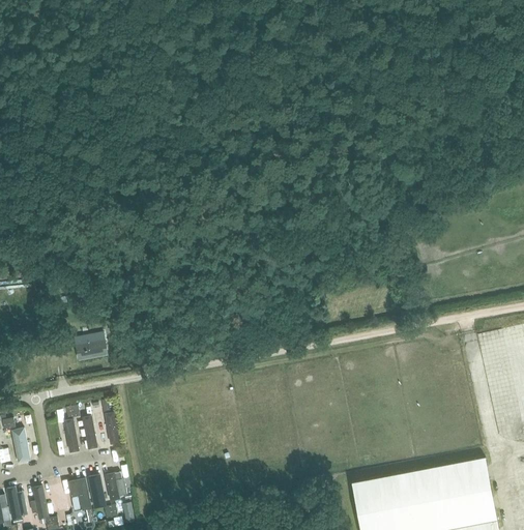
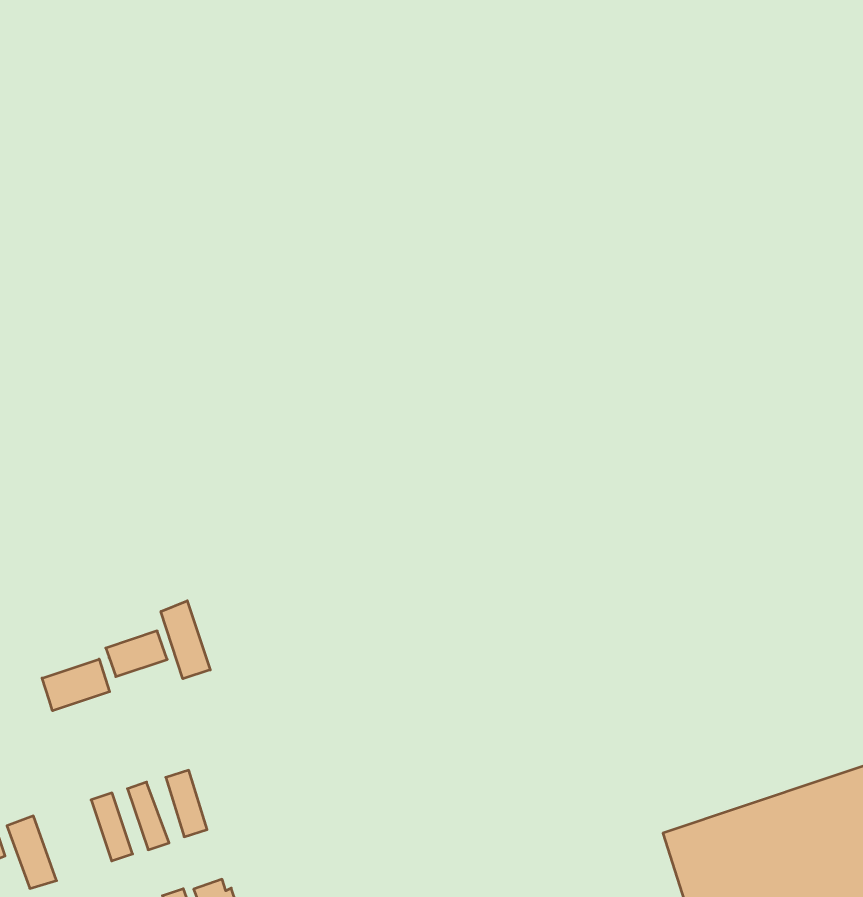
building: none -> [161,601,210,679]
building: none -> [42,659,110,711]

